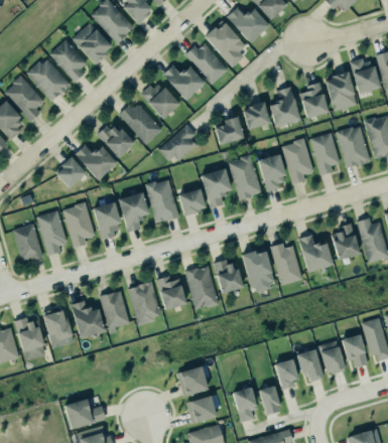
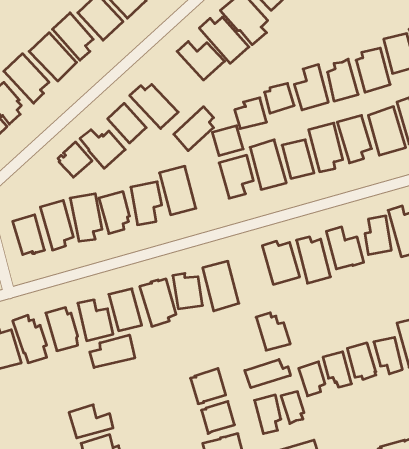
building: [139,86,177,120] -> none
building: [178,189,207,216] -> [212,126,243,156]
building: [212,257,243,291] -> [256,313,290,350]
building: none -> [90,335,135,368]
building: none -> [245,359,290,388]

